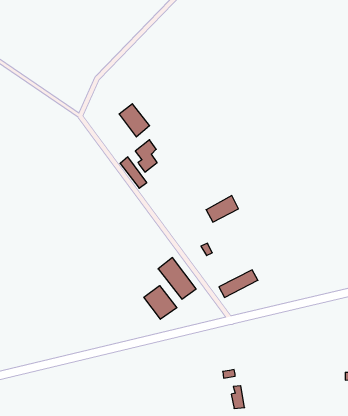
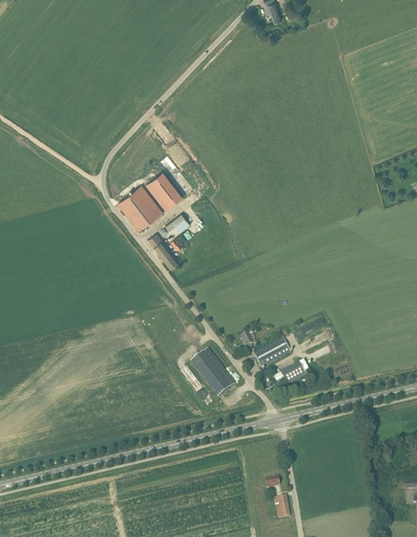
building: none -> [119,186,162,232]
building: [206,196,238,222] -> [254,337,291,367]
building: [144,286,177,319] -> none

